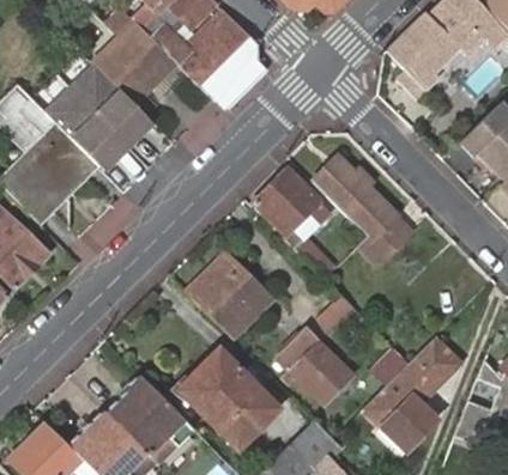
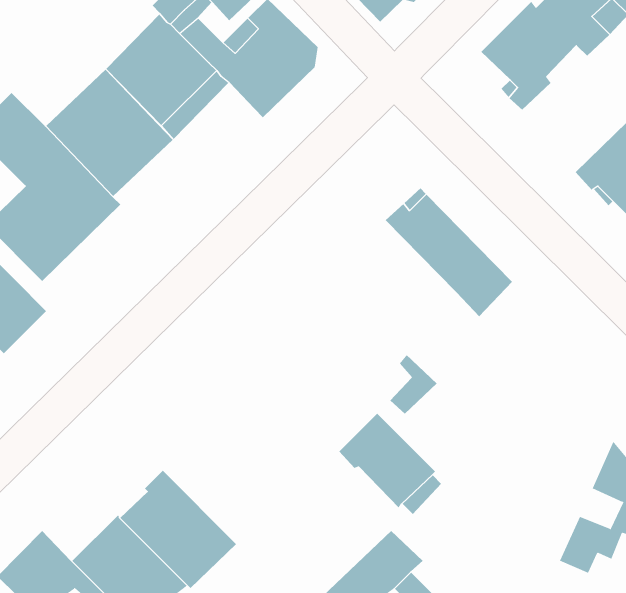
building: [256,170,332,248] -> none
building: [188,251,270,333] -> none
building: [362,337,459,455] -> none
building: [185,352,277,445] -> none

